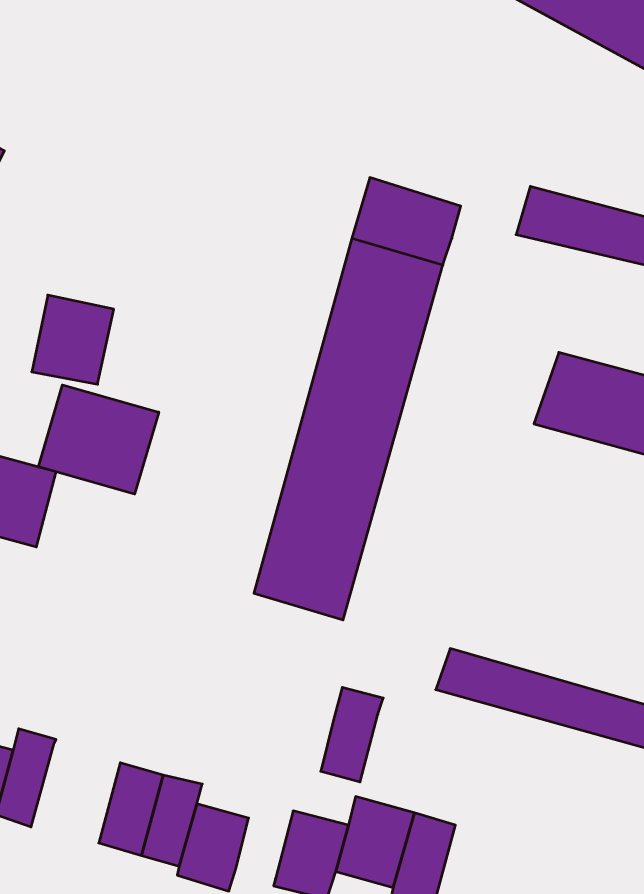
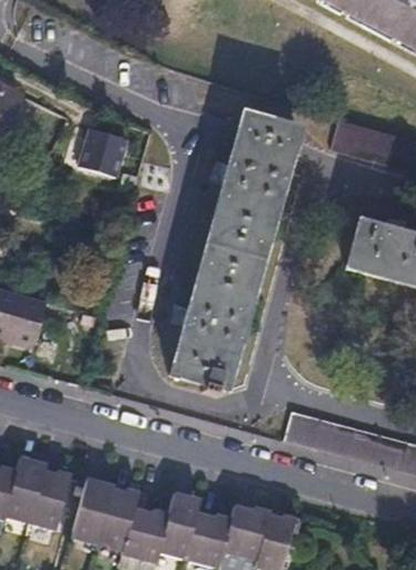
building: [32,295,114,384] -> [77,127,128,183]
building: [38,385,159,494] -> none
building: [321,687,383,782] -> [159,494,198,553]
building: none -> [30,469,72,530]

